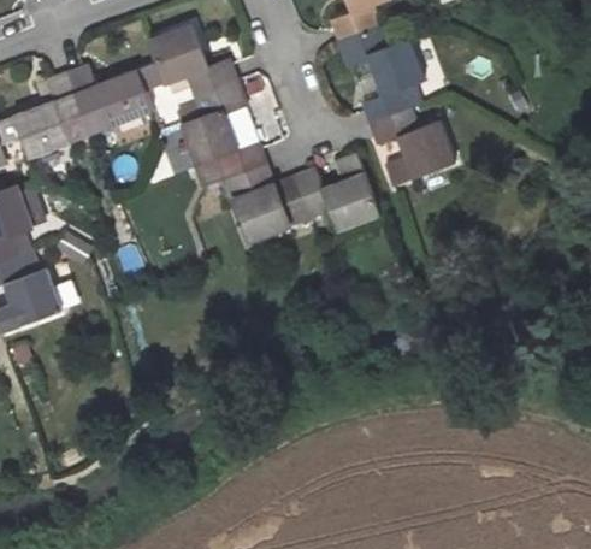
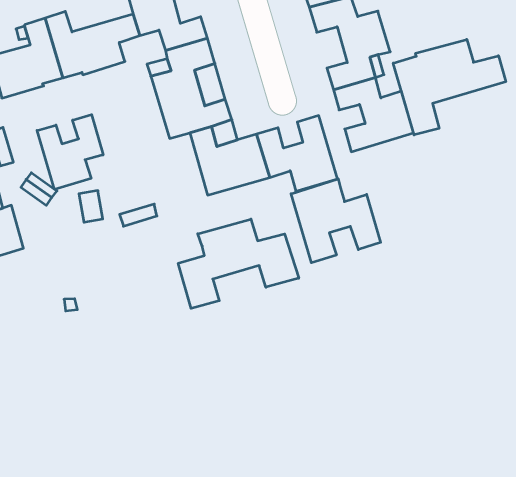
building: none -> [393,39,506,135]
building: none -> [37,115,103,189]
building: none -> [291,179,381,263]
building: none -> [178,219,299,308]

